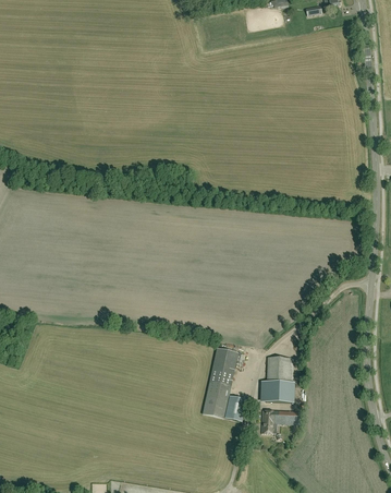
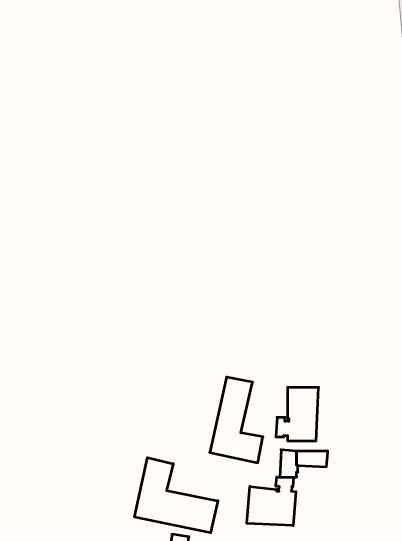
building: none -> [135,458,218,533]
building: none -> [247,477,296,526]

